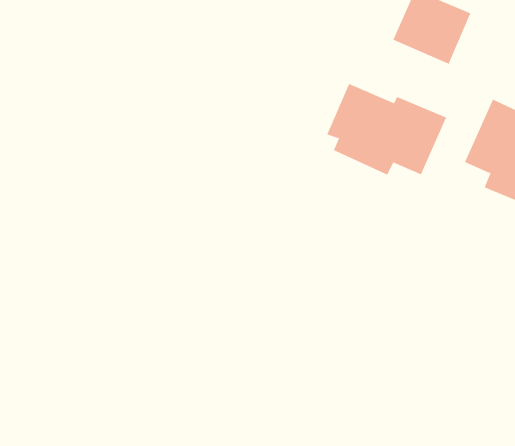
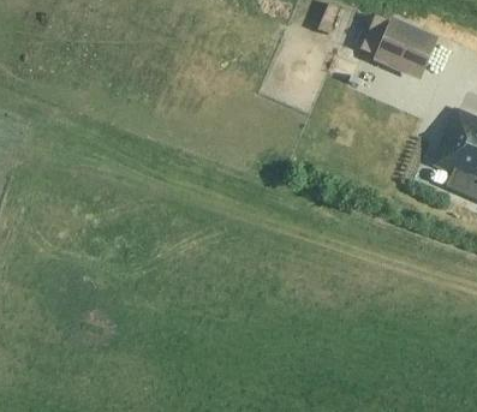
building: [327,83,447,176] -> none

